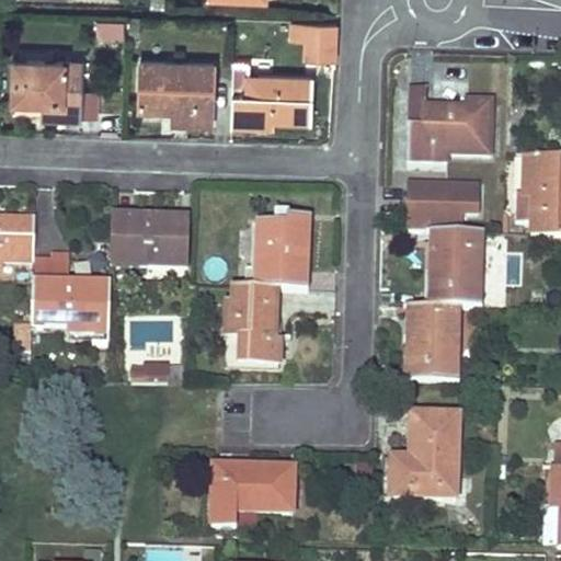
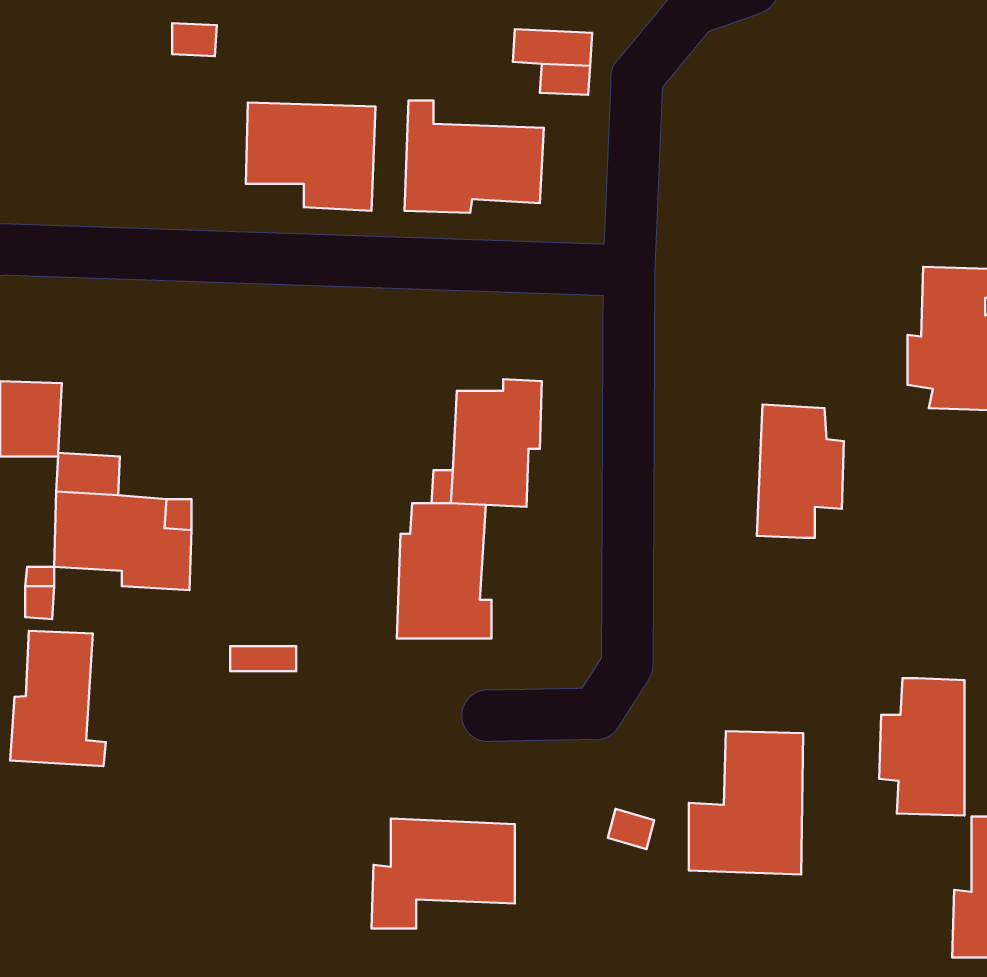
building: [13,55,82,113] -> none
building: [407,88,492,158] -> none
building: [405,178,479,221] -> none
building: [111,216,190,268] -> none
building: [408,304,456,381] -> [879,678,964,816]
building: none -> [10,631,106,766]

